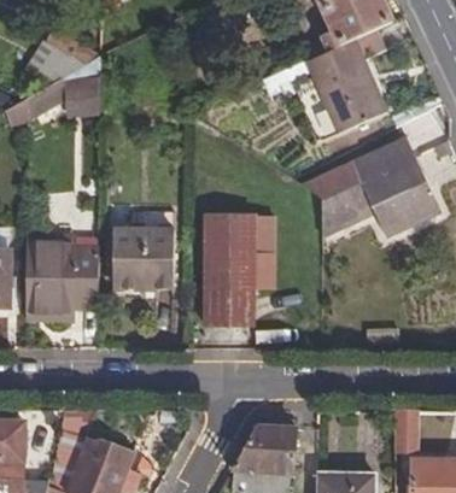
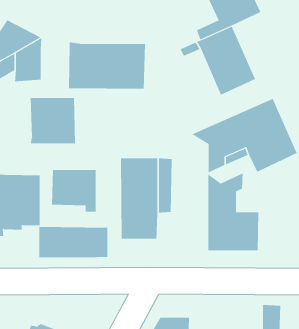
building: none -> [69,41,145,90]
building: none -> [30,97,75,144]
building: none -> [208,172,259,251]
building: none -> [39,226,108,258]

